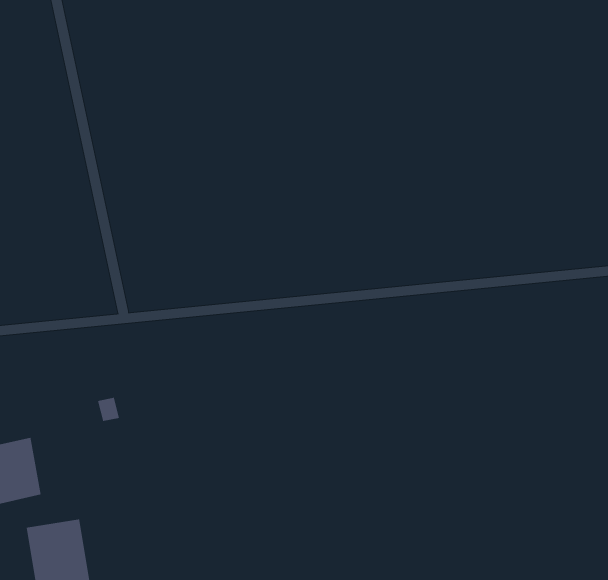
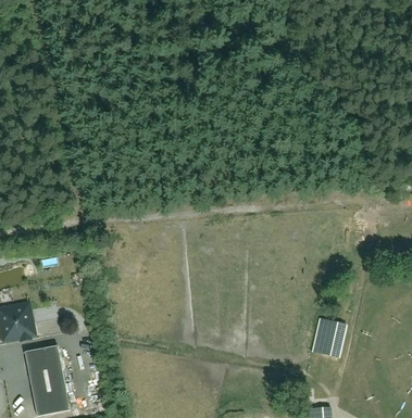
building: none -> [320,324,352,359]

